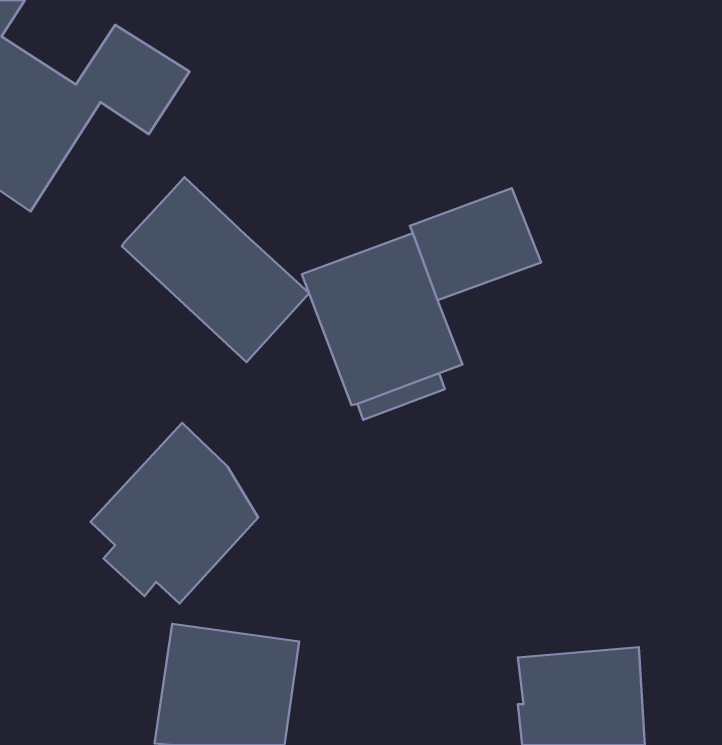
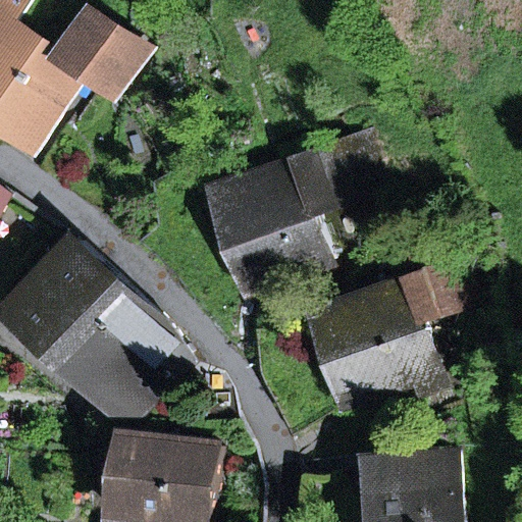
building: [122,177,309,362] -> none
building: none -> [309,238,469,402]
building: none -> [5,243,127,365]

